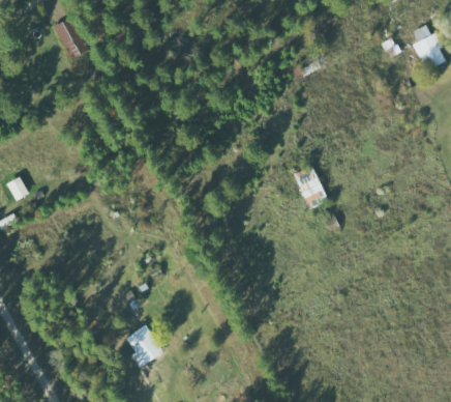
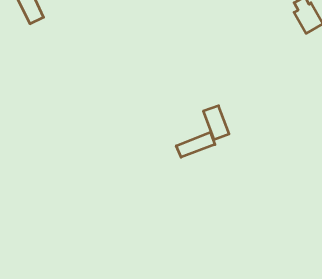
building: none -> [176,132,215,157]
building: [124,324,162,368] -> none

